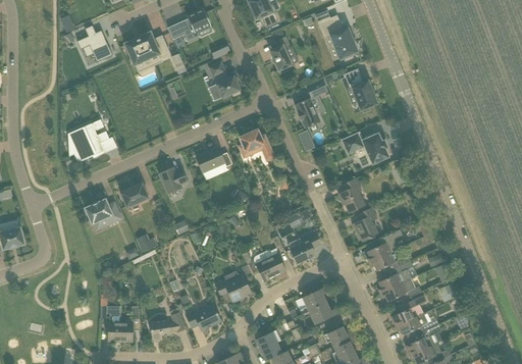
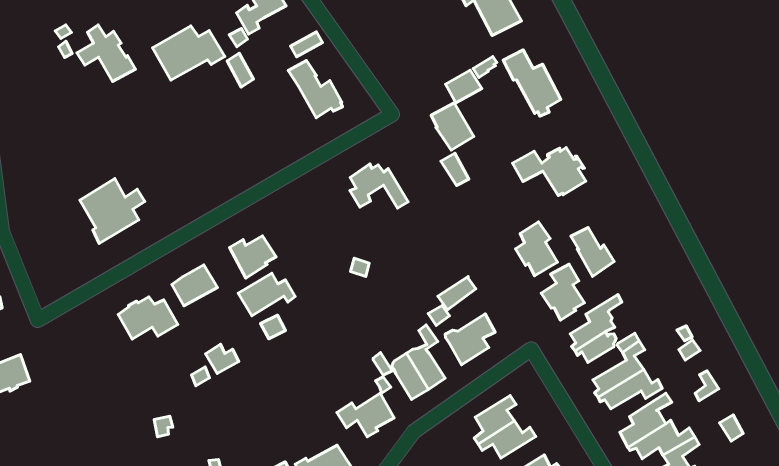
building: [269,37,292,72] -> none
building: [196,147,231,172] -> [238,273,295,316]
building: none -> [571,228,614,277]

